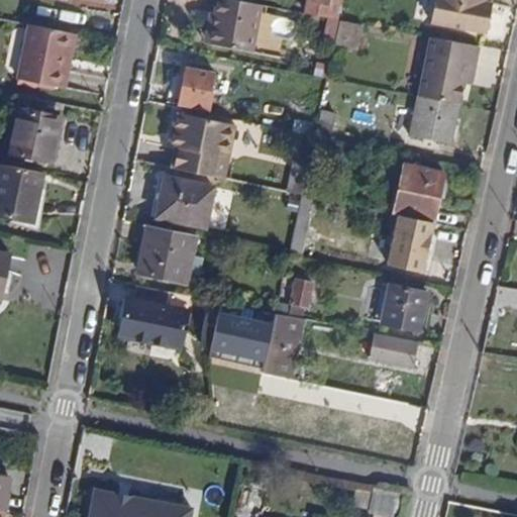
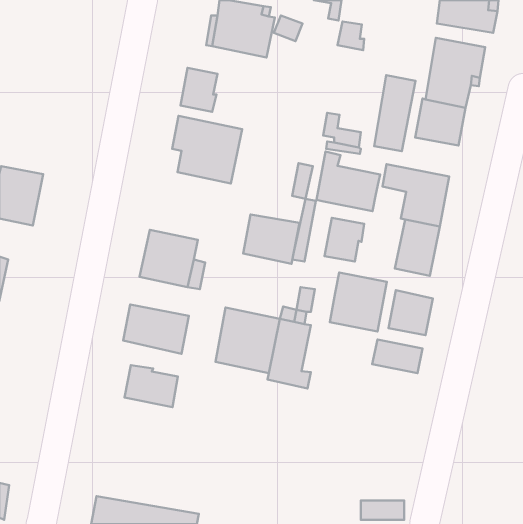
building: [4,25,75,90] -> none
building: none -> [374,75,415,151]
building: [11,109,59,162] -> none
building: none -> [316,152,380,211]
building: [158,179,213,227] -> [243,215,300,264]
building: none -> [324,218,364,262]
building: none -> [330,273,387,331]
building: none -> [124,365,178,407]

